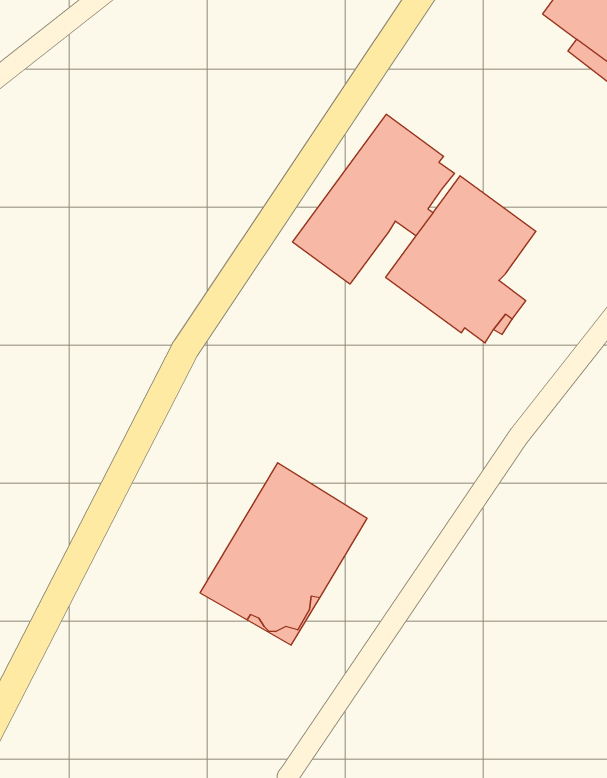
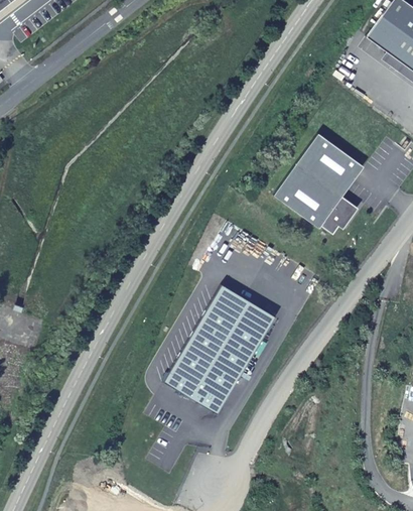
building: [293,114,454,284] -> none
building: none -> [209,283,274,338]

